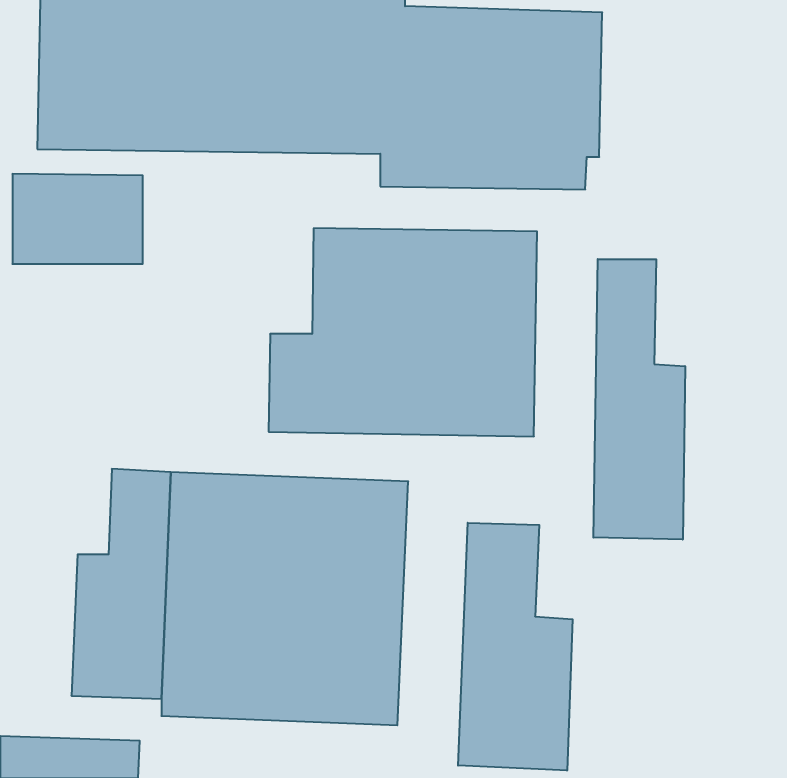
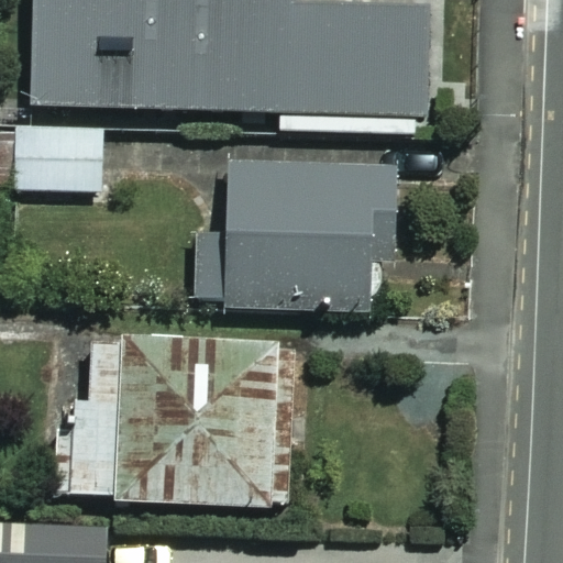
building: [593,259,685,540] -> none
building: [458,523,573,771] -> none

